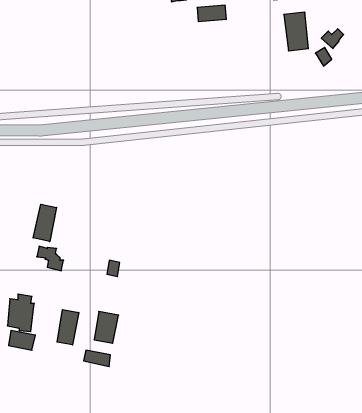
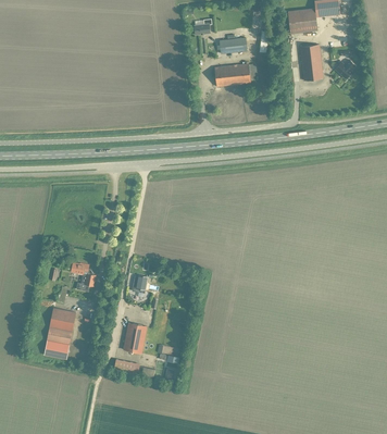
building: none -> [215,63,251,86]
building: [33,204,57,242] -> none
building: [57,310,79,345] -> none

